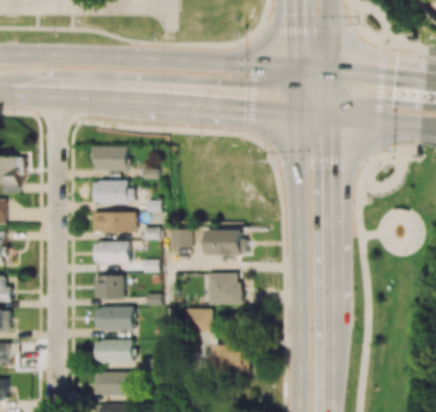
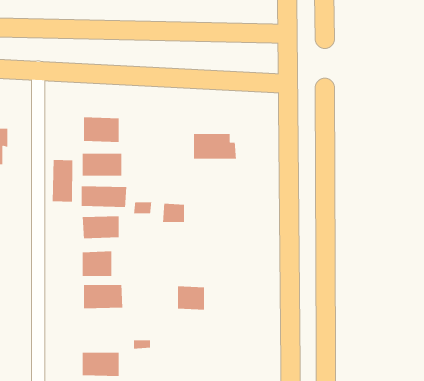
building: none -> [52,159,73,203]
building: [205,231,247,256] -> [193,133,237,159]
building: [207,274,239,305] -> none
building: [92,340,131,364] -> none
building: [210,345,249,375] -> none

